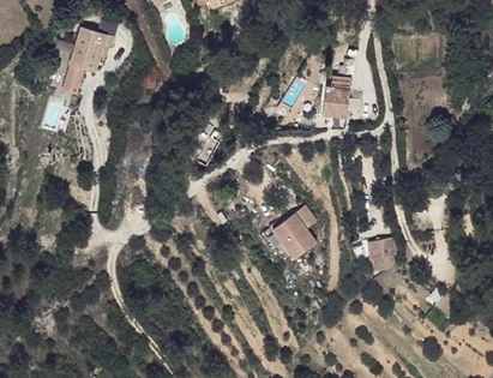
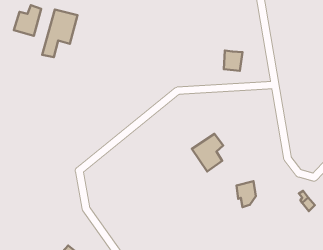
building: none -> [14,5,41,36]
building: [374,235,402,272] -> [237,181,256,207]

